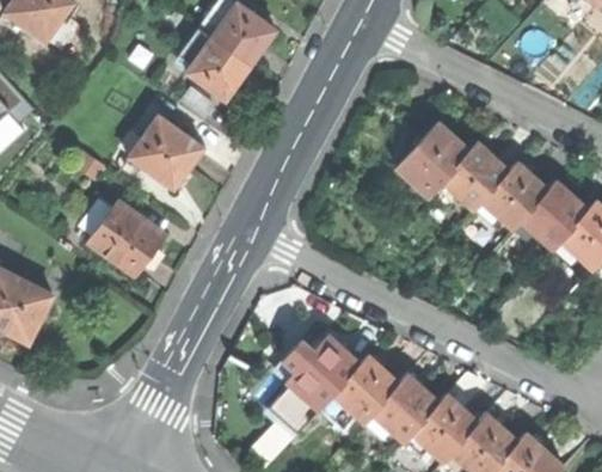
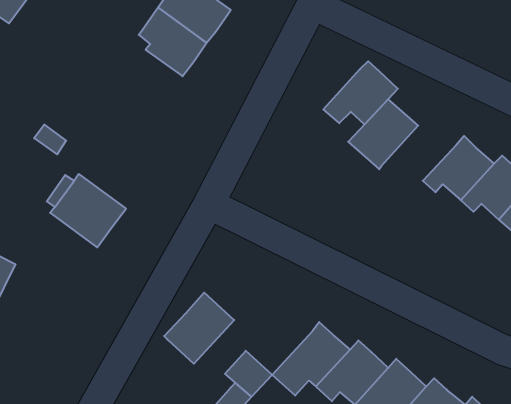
building: [129,115,204,185] -> none
building: [431,141,509,207] -> [323,61,398,124]
building: [287,335,360,409] -> [164,293,234,364]

